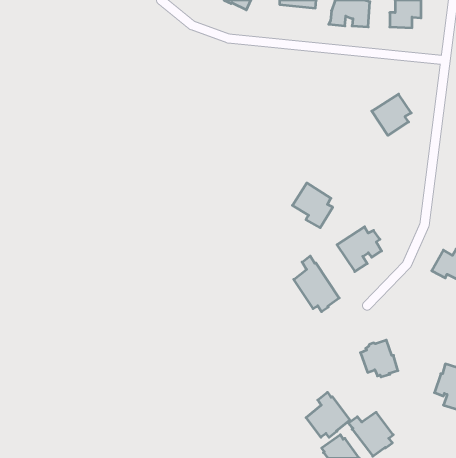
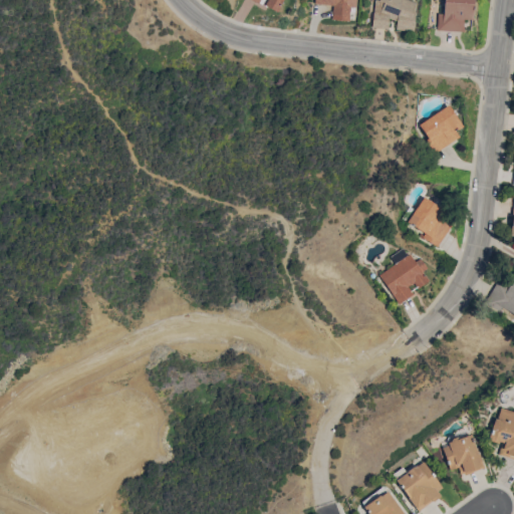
building: [292,183,333,228] -> [408,197,453,247]
building: [294,256,339,312] -> none
building: [360,340,398,377] -> [443,434,485,475]
building: [306,392,350,437] -> none

